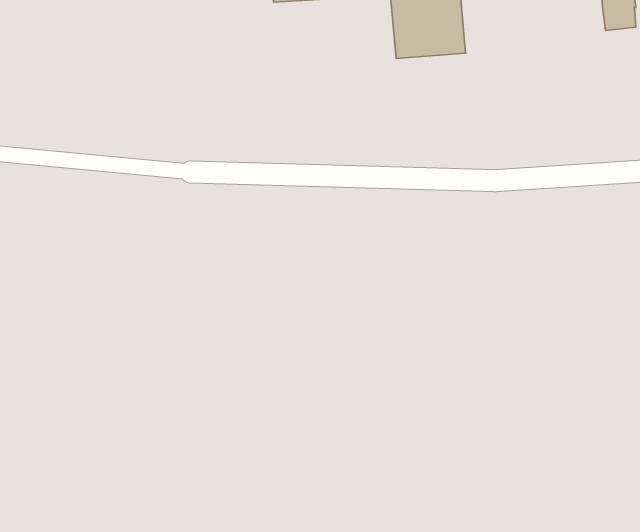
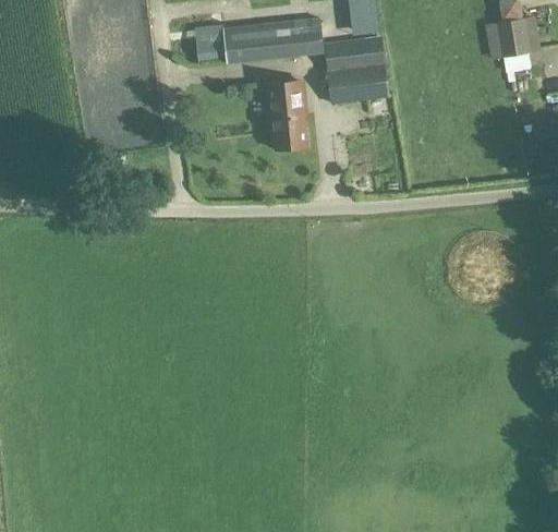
building: none -> [267,78,307,148]

